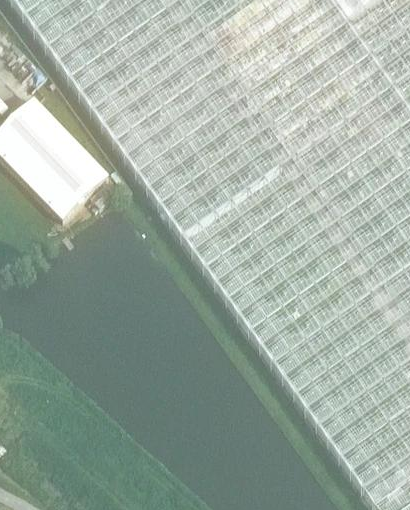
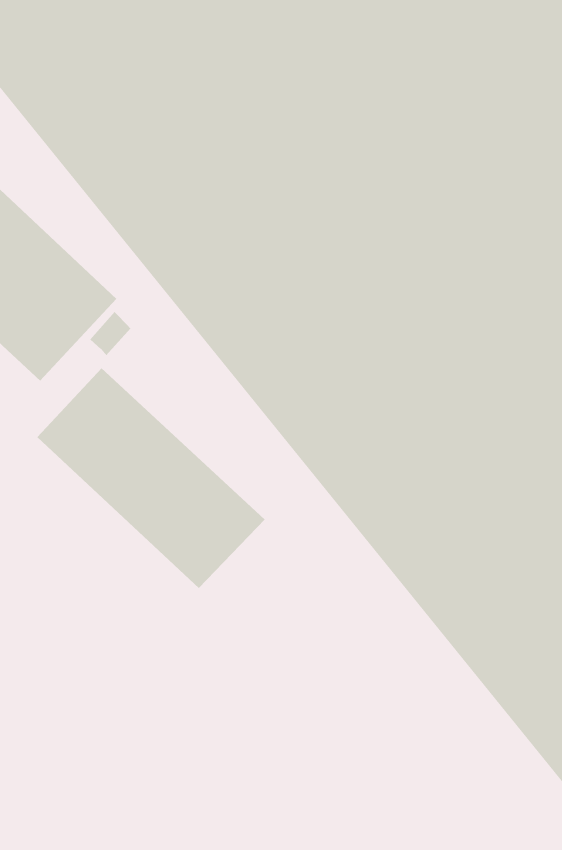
building: none -> [37,368,265,589]

